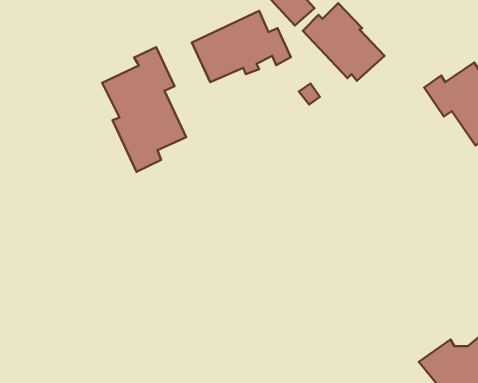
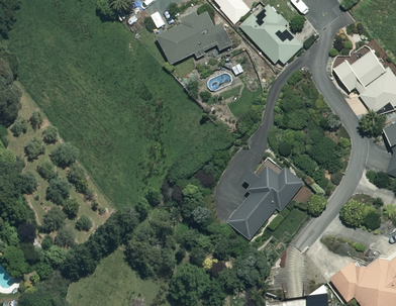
building: [102,47,186,172] -> none
building: none -> [228,158,304,239]

